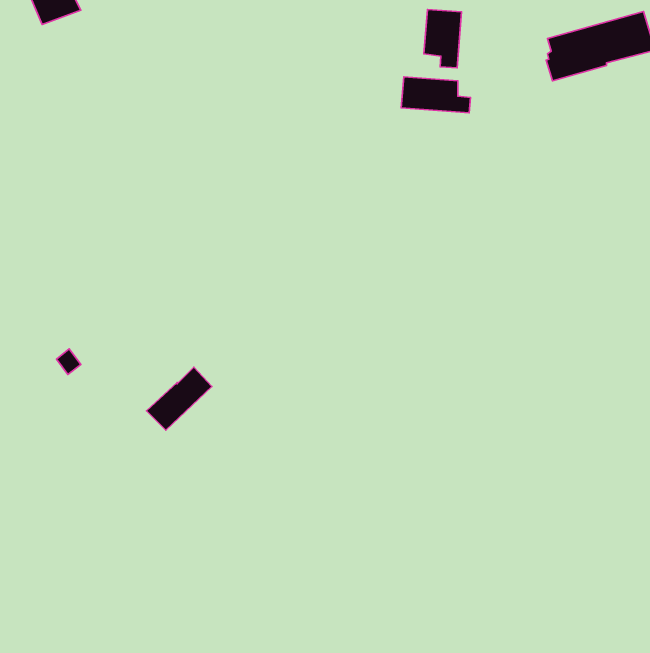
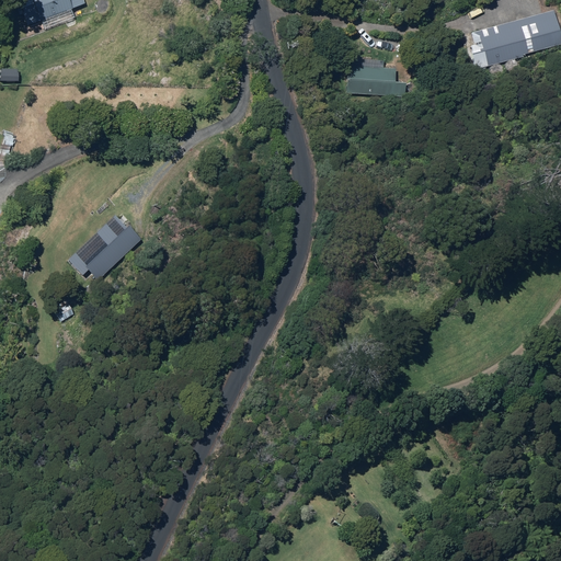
building: [424,10,461,68] -> none
building: [146,367,212,430] -> [81,221,137,275]

